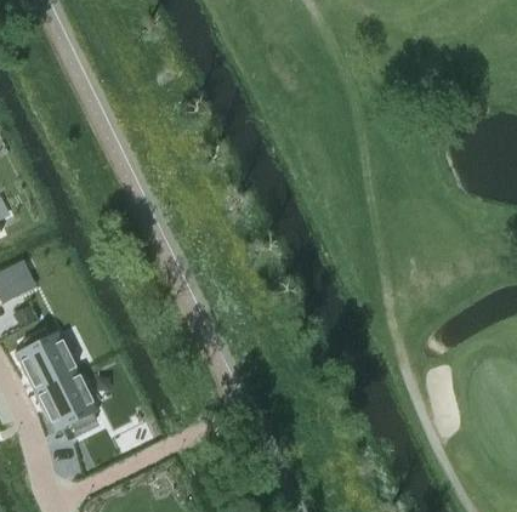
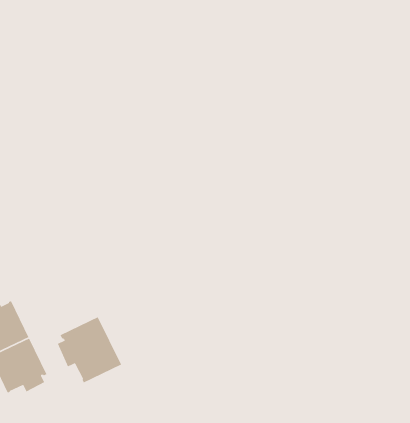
building: none -> [57,316,122,383]

